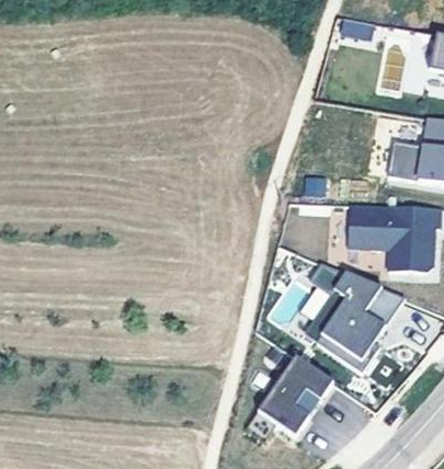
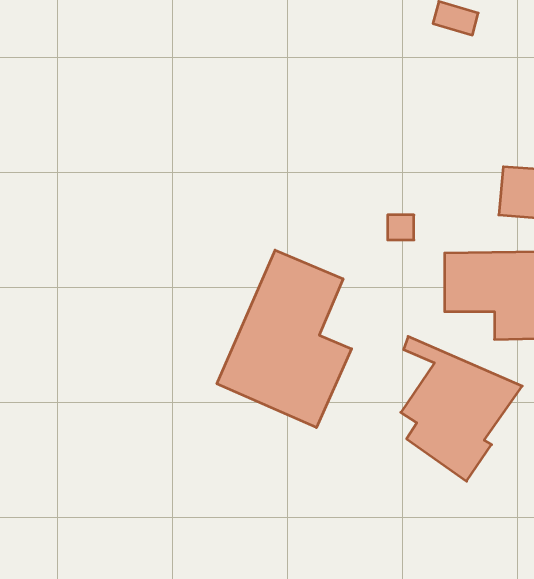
building: none -> [217,250,352,428]
building: [258,358,333,439] -> none

